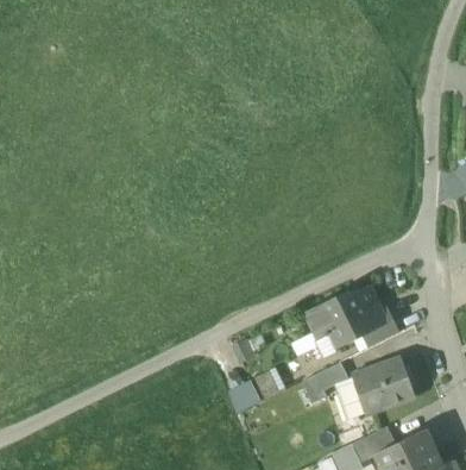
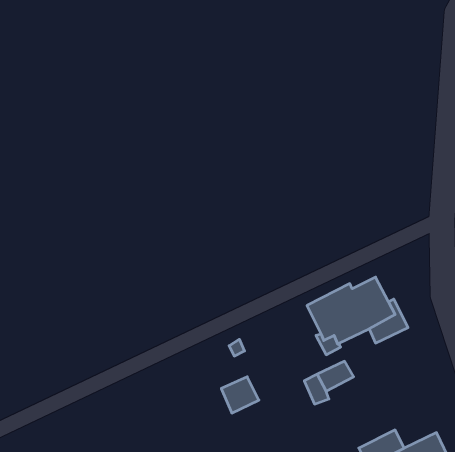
building: [352,358,415,413] -> none

